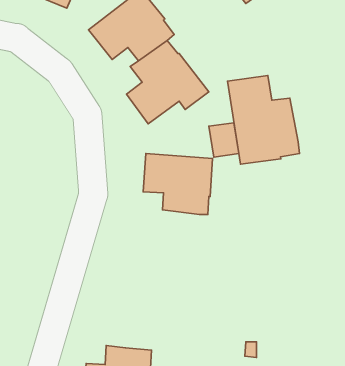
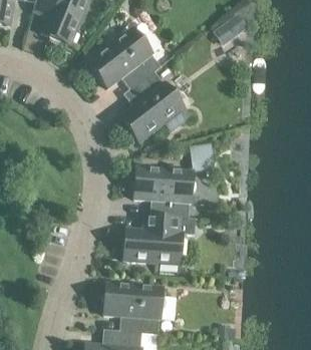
building: [228,76,299,164] -> none
building: none -> [125,213,196,272]
building: none -> [104,281,163,333]

